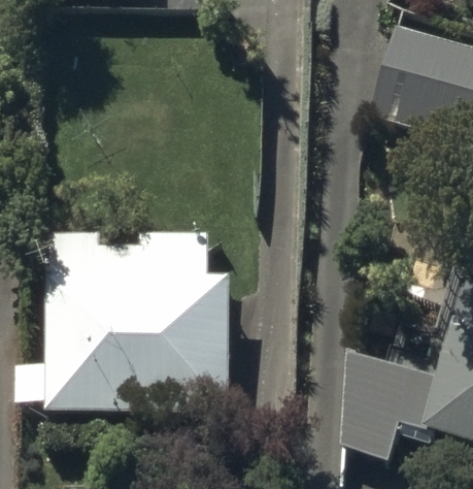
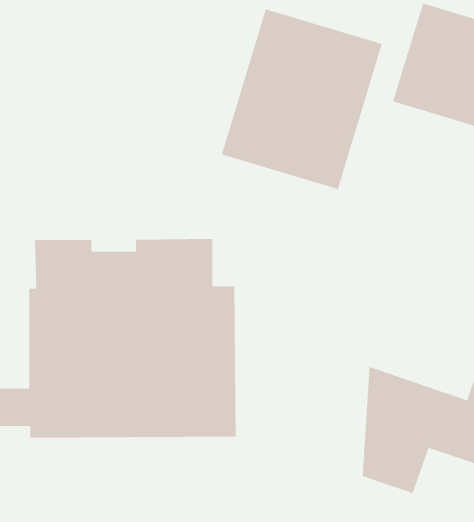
building: none -> [221,8,383,190]

